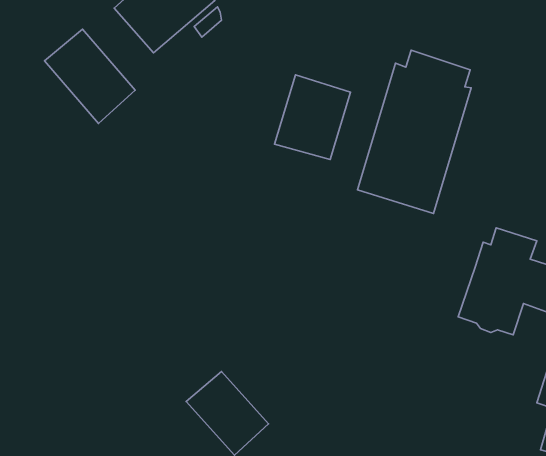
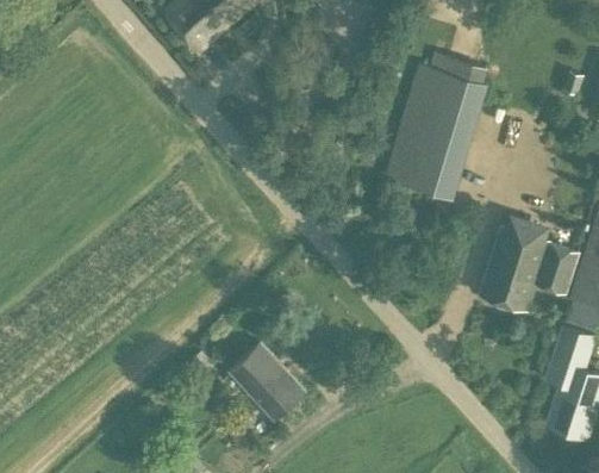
building: [45,29,135,124] -> none
building: [275,75,351,160] -> none

